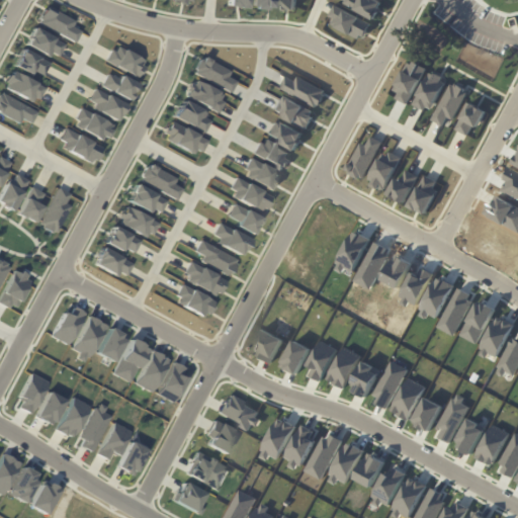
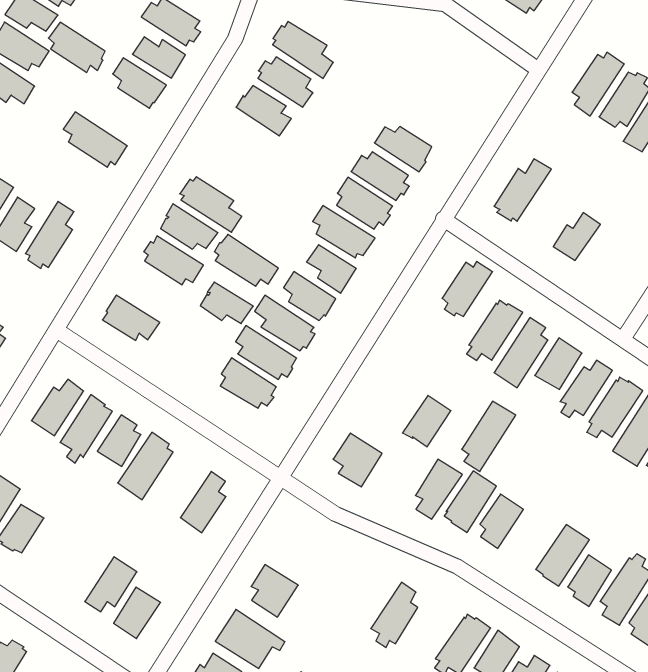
building: [283,75,328,105] -> none
building: [273,95,316,127] -> none
building: [74,106,112,139] -> [48,22,105,73]
building: [164,119,207,153] -> [214,234,278,286]
building: [372,151,405,188] -> [442,261,493,316]
building: [412,174,441,212] -> none
building: [105,225,141,251] -> [200,282,253,324]
building: [283,339,315,373] -> [402,395,451,447]
building: [135,348,168,391] -> none
building: [377,360,412,408] -> [462,401,516,472]
building: [219,394,264,430] -> none
building: [55,396,89,435] -> none
building: [78,402,110,450] -> none
building: [264,418,300,459] -> none
building: [309,433,346,479] -> none

